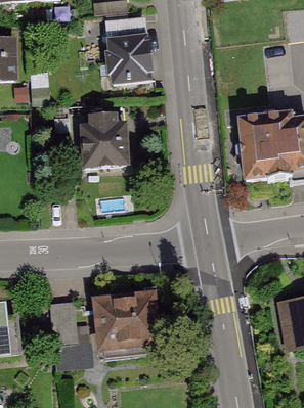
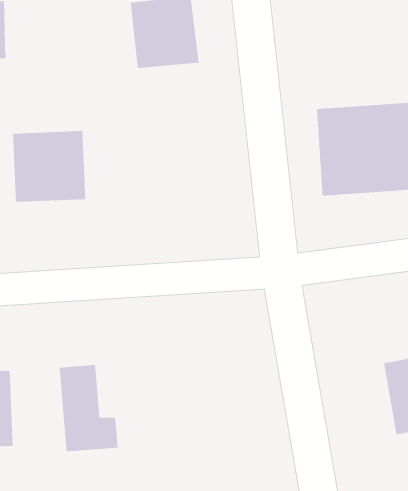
building: [75,118,128,170] -> [12,130,86,203]
building: [87,291,148,344] -> none

